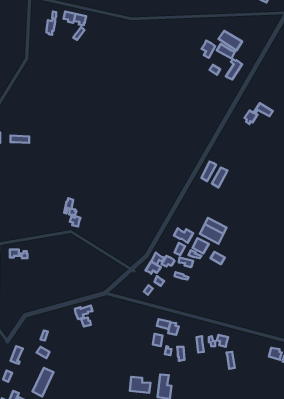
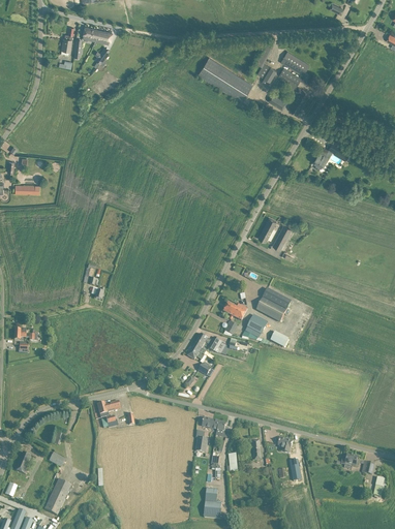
building: none -> [199,57,253,101]
building: [130,377,151,393] -> none

